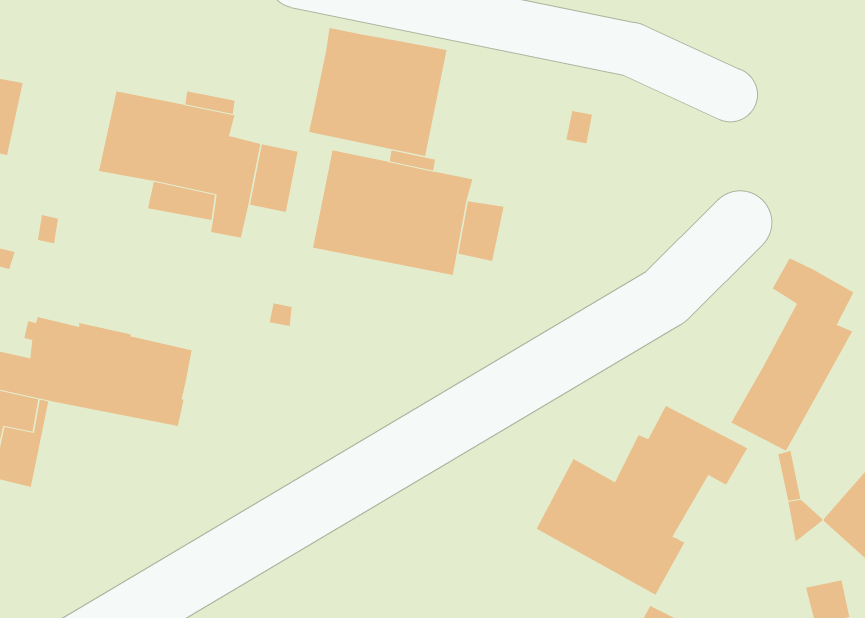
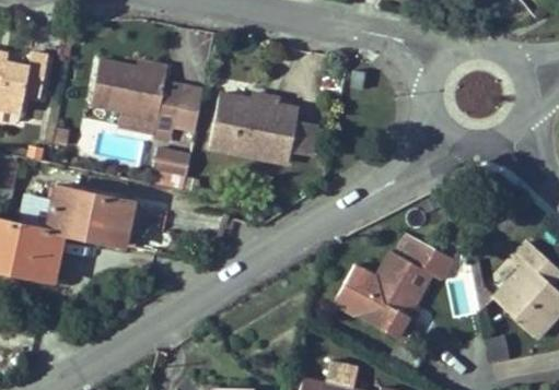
building: [308,27,447,157] -> none
building: none -> [151,142,191,189]
building: [730,257,854,452] -> none

